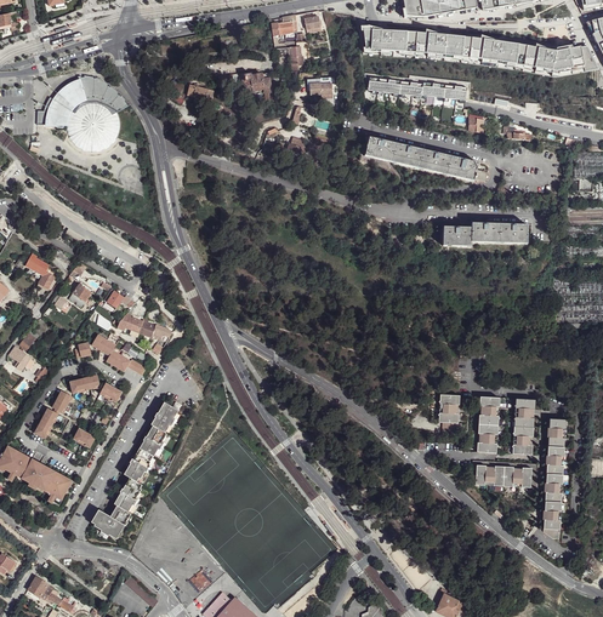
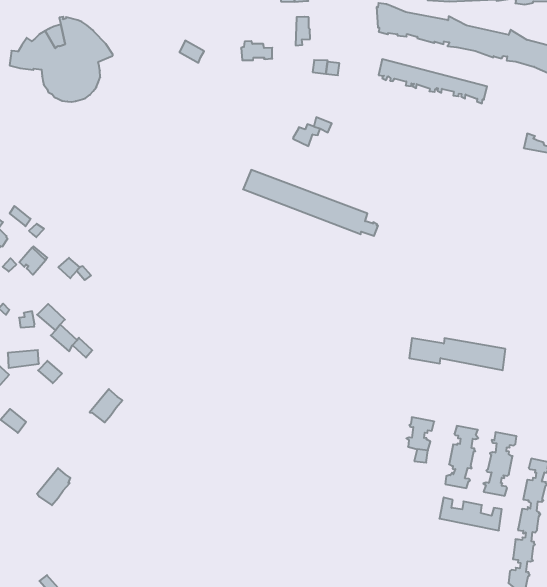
building: [363,135,488,179] -> [243,170,378,236]
building: [443,222,528,245] -> [409,338,505,370]
building: [120,312,172,341] -> none
building: [123,424,166,482] -> none
building: [90,505,130,539] -> none

